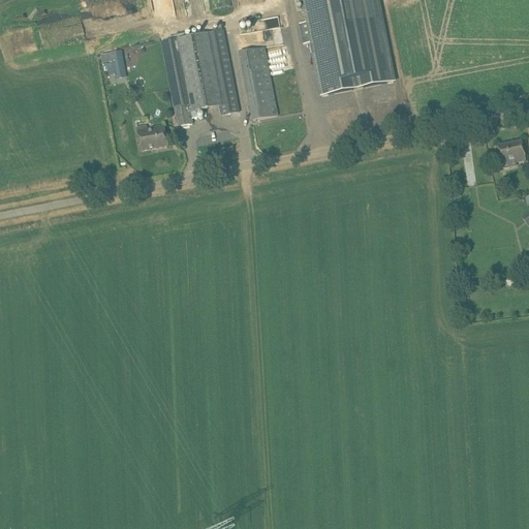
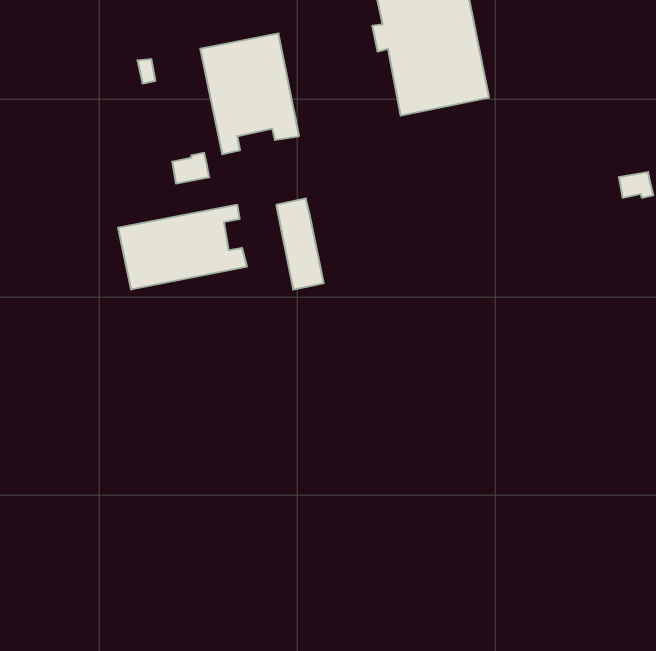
building: [240,43,278,117] -> [276,198,324,290]
building: none -> [118,205,247,290]

